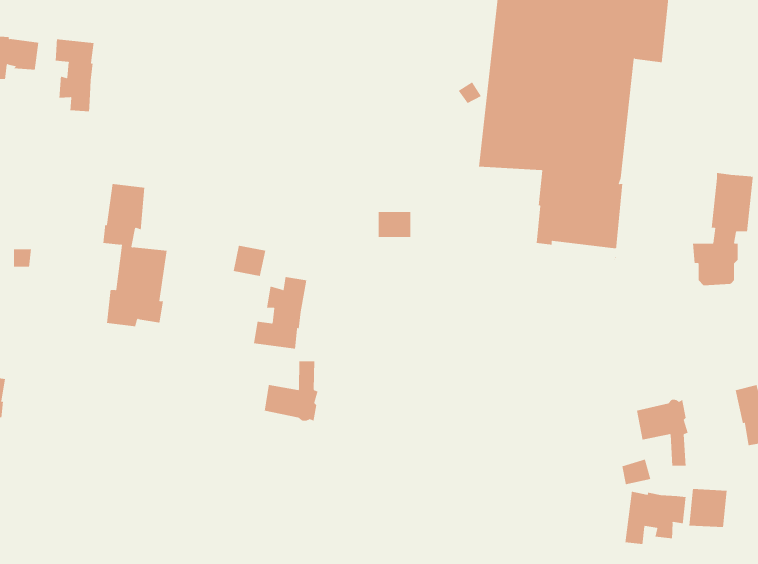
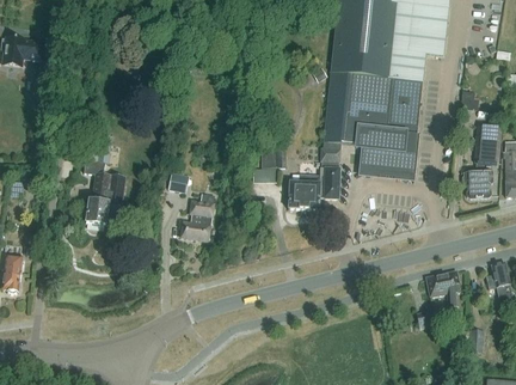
building: [55,39,94,112] -> none
building: none -> [287,122,366,209]
building: [264,361,318,422] -> none
building: [625,491,686,545] -> none

